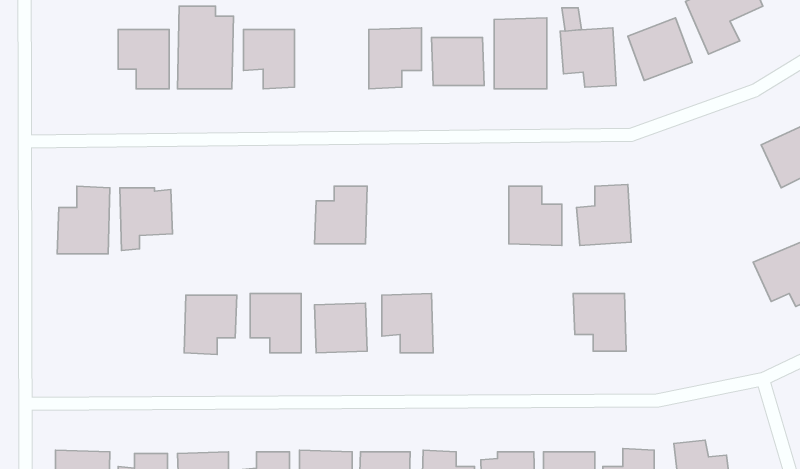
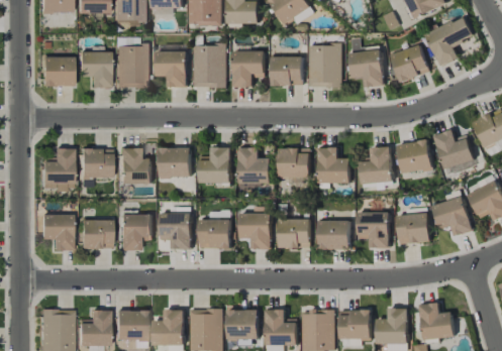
building: none -> [193,44,226,88]
building: none -> [41,56,73,86]
building: none -> [433,129,475,169]
building: none -> [398,140,432,173]
building: none -> [119,147,152,184]
building: none -> [238,147,271,186]
building: none -> [160,148,191,178]
building: none -> [279,148,310,178]
building: none -> [432,197,472,236]
building: none -> [397,213,429,243]
building: none -> [40,214,73,250]
building: none -> [80,219,112,248]
building: none -> [279,219,311,248]
building: none -> [318,220,350,250]

